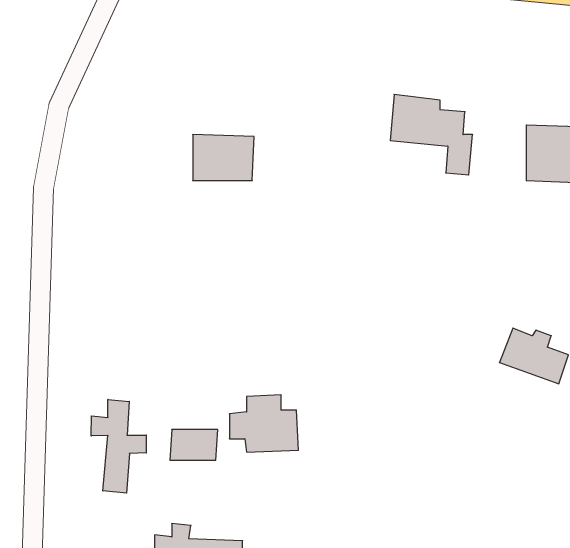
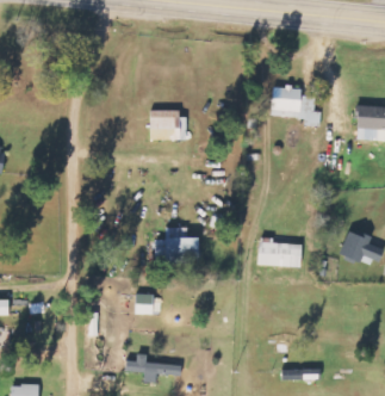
building: none -> [259,241,302,266]
building: [229,395,298,452] -> [156,228,199,264]
building: [91,399,146,493] -> none

